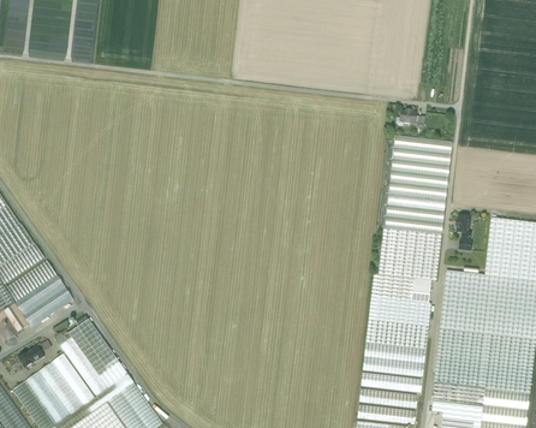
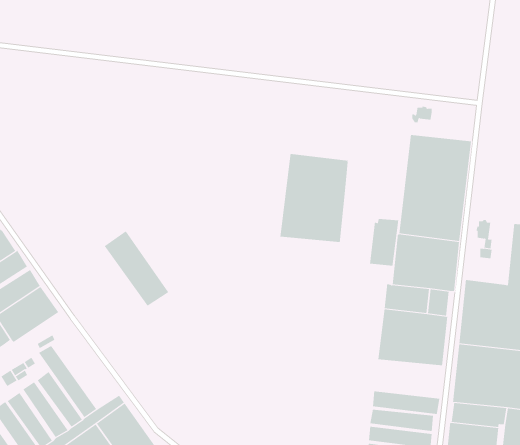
building: none -> [280,153,348,243]
building: none -> [370,218,399,266]
building: [69,320,129,390] -> [104,231,169,306]
building: [362,344,425,378] -> none

